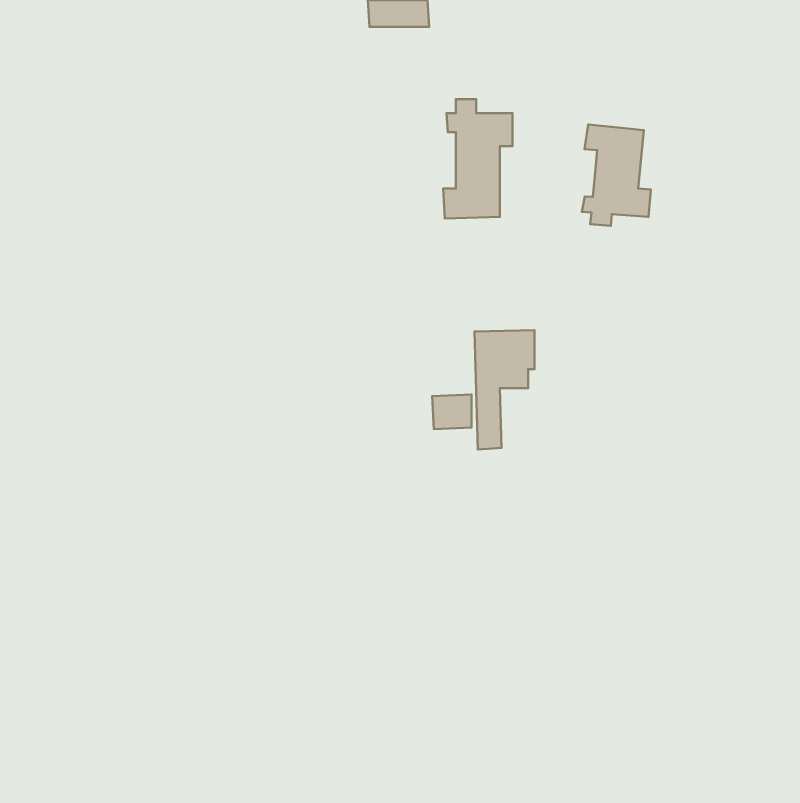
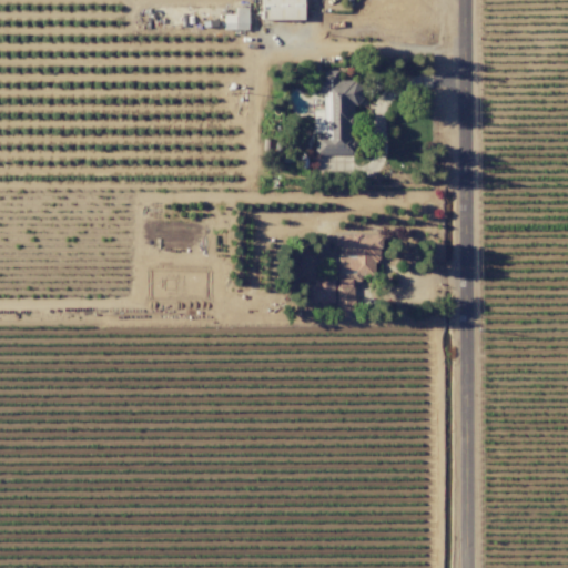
building: none -> [225,7,250,29]
building: [582,125,651,226] -> none

